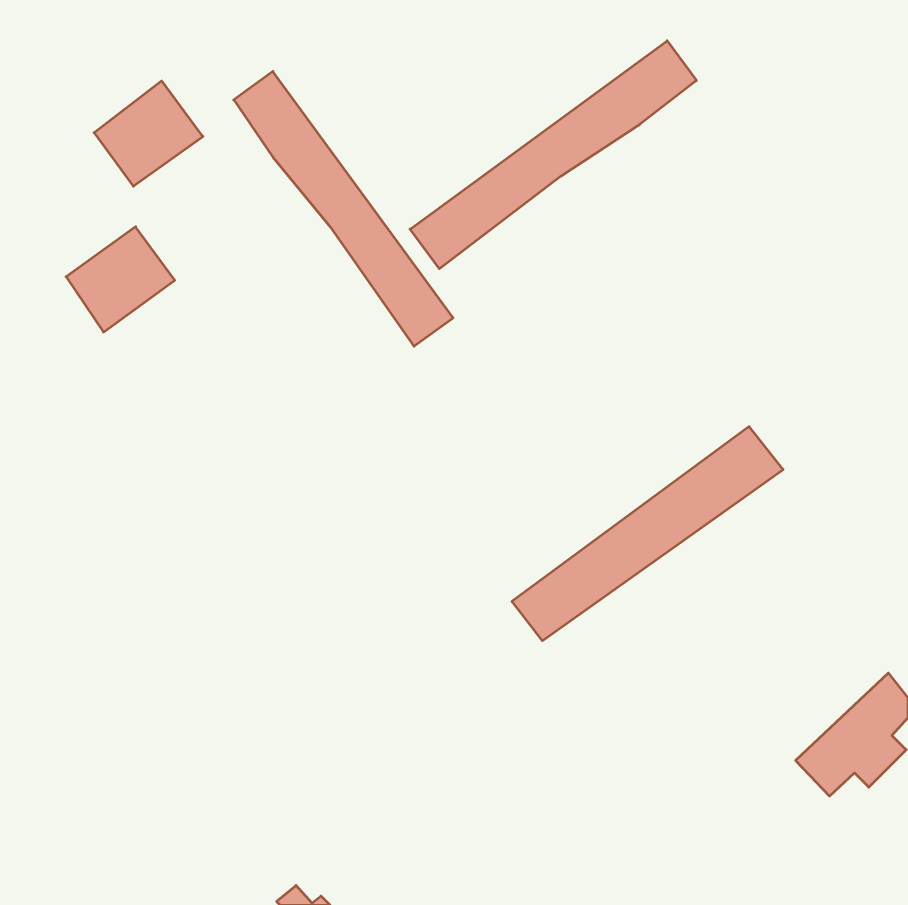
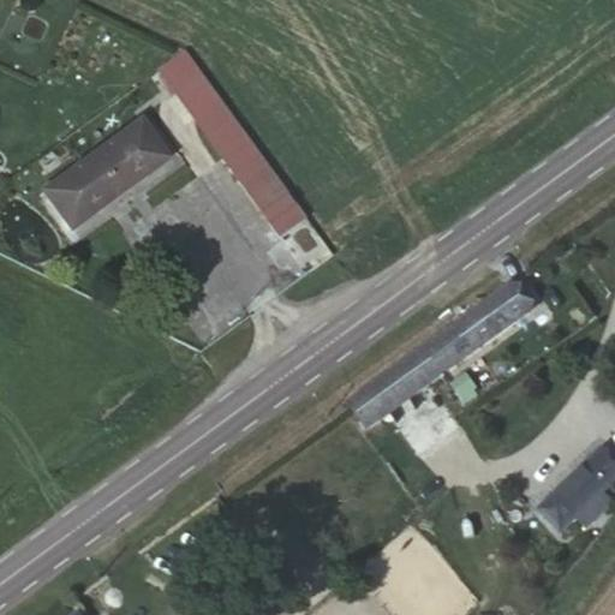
building: [410,41,696,269] -> none
building: [94,81,203,186] -> [91,118,165,189]

